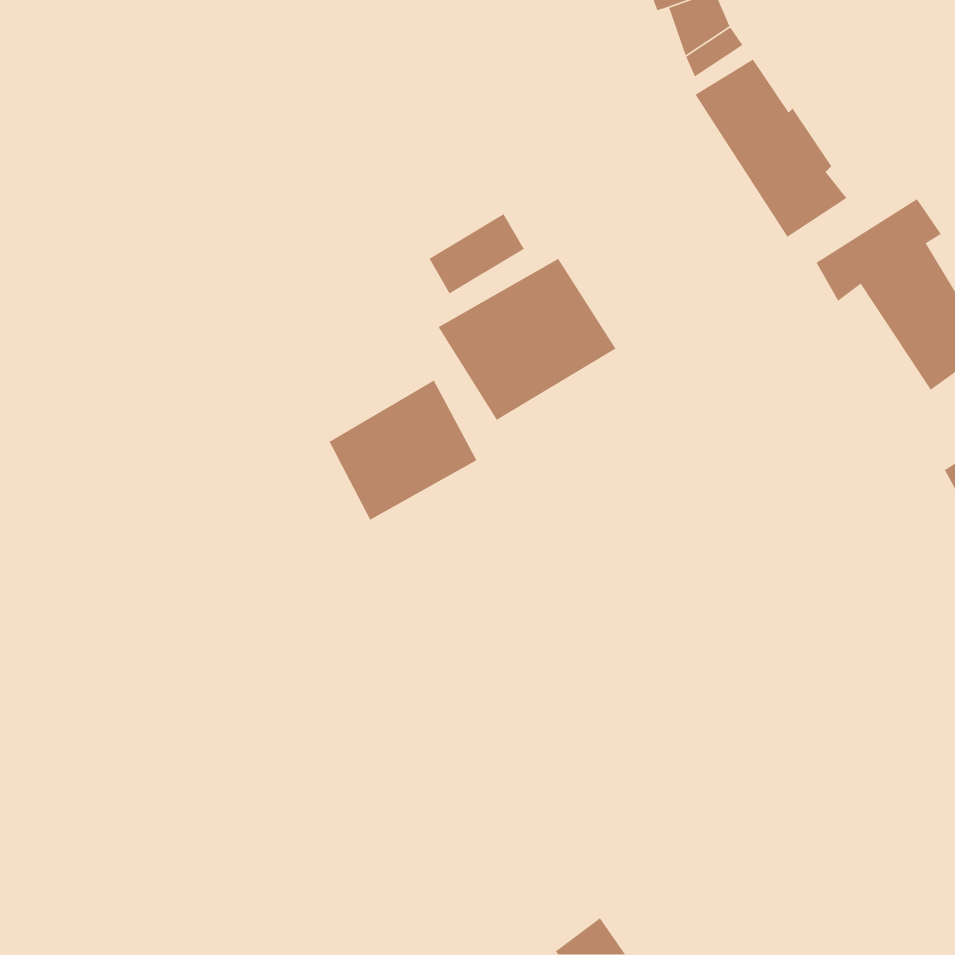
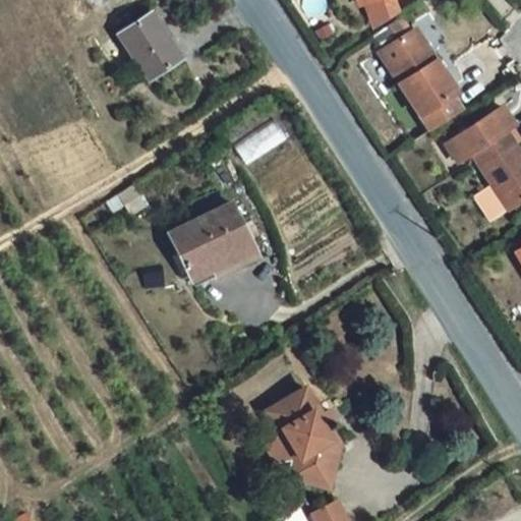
building: none -> [122,12,181,77]
building: [438,258,617,421] -> none
building: none -> [266,390,334,483]

